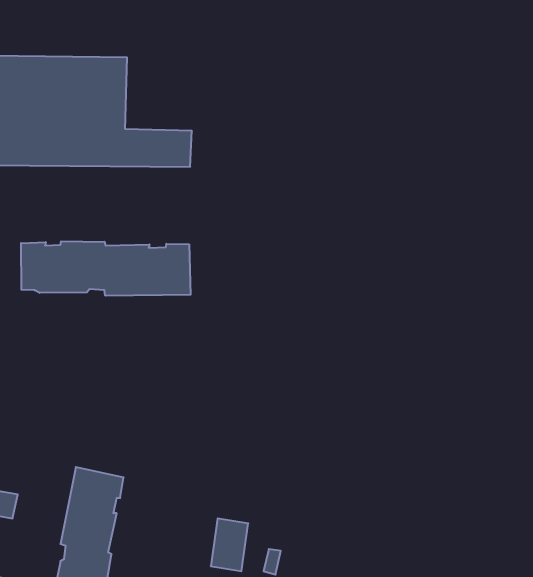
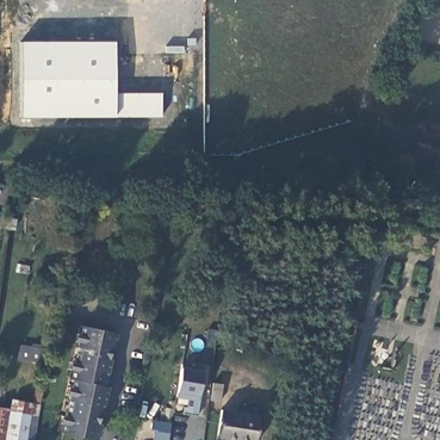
building: [21,241,191,296] -> none

